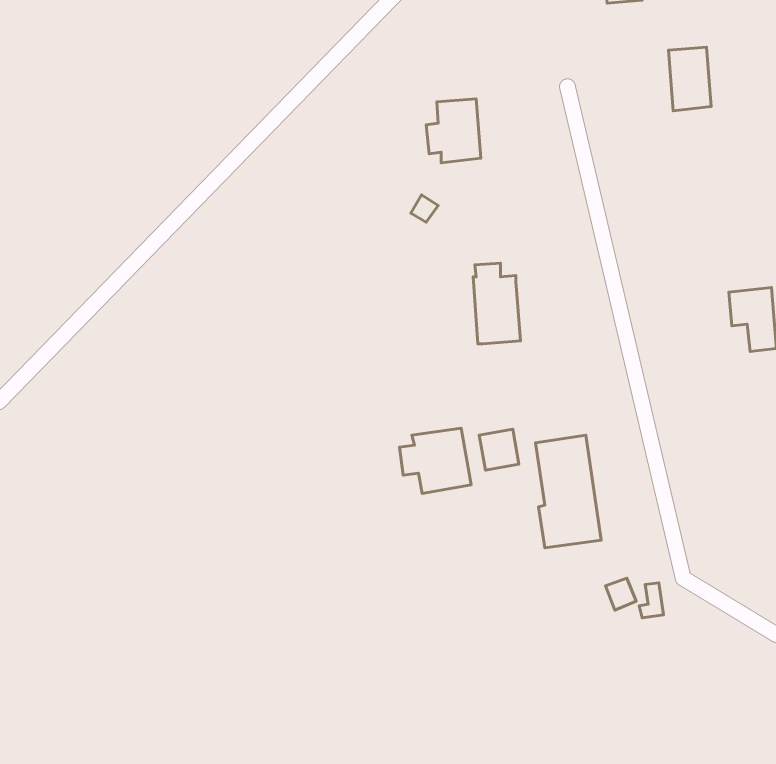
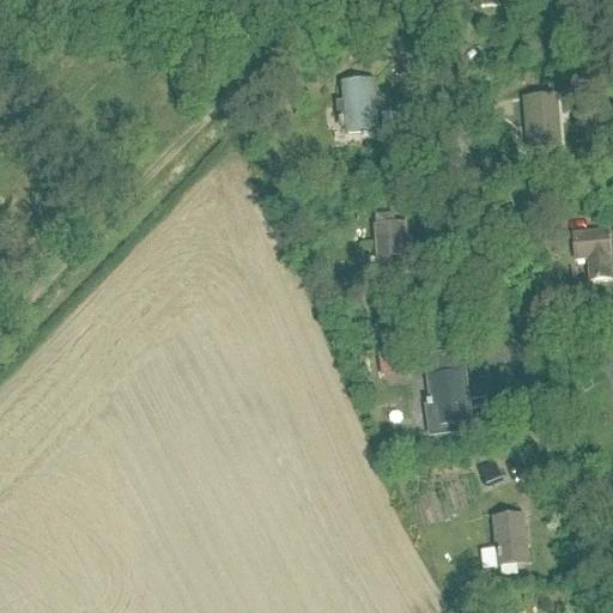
building: [669,47,711,111] -> [526,93,559,144]
building: [399,428,471,493] -> none
building: none -> [494,511,528,563]

